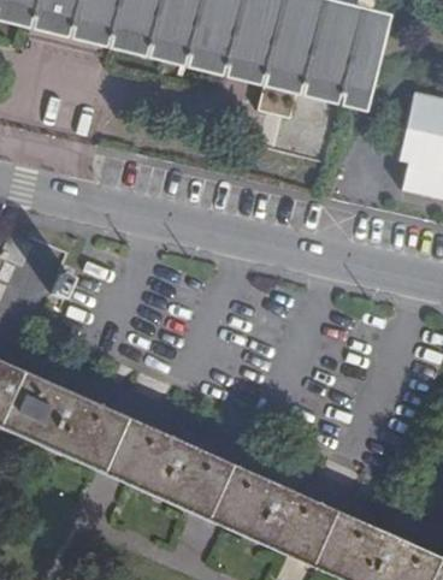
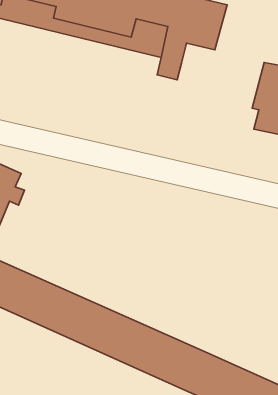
building: [302,10,391,110] -> none

